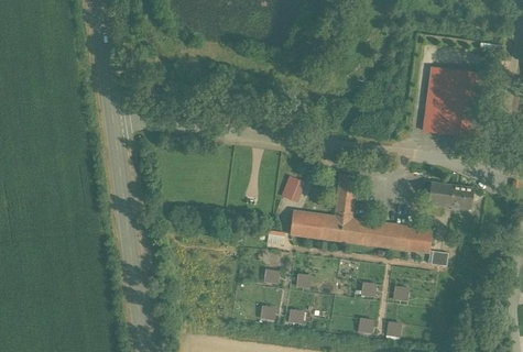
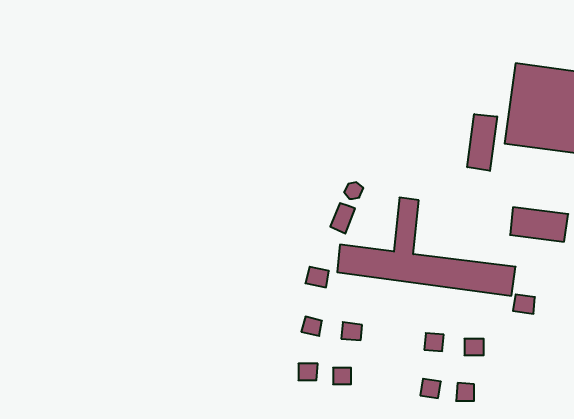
building: none -> [467,114,497,171]

